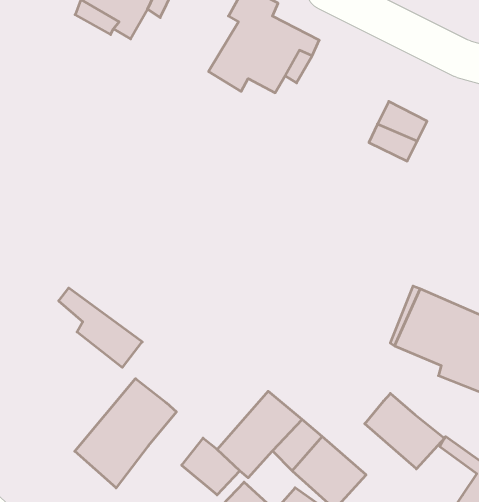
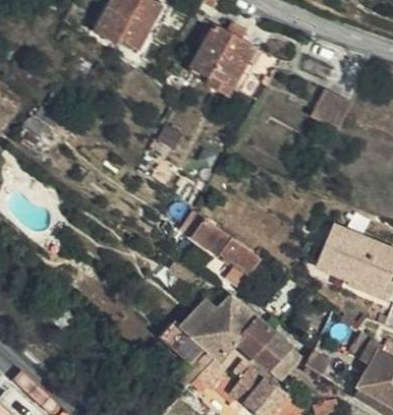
building: [59,288,142,367] -> [197,218,257,275]
building: [75,379,176,488] -> none
building: [365,393,445,469] -> none

